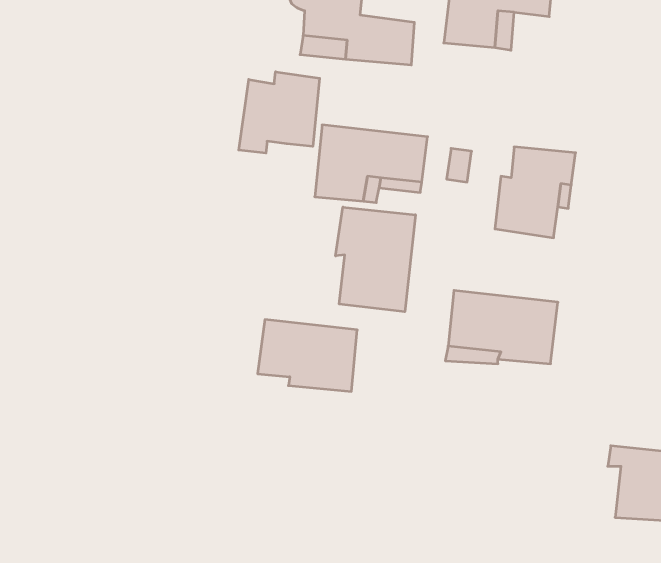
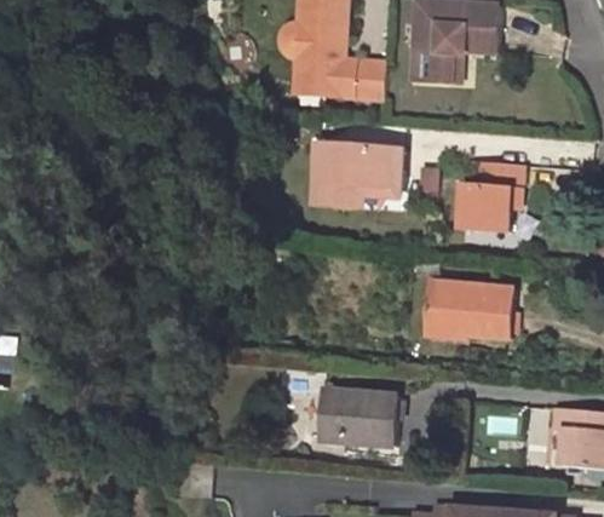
building: [239,72,320,153] -> none
building: [336,207,415,312] -> none
building: [258,320,357,391] -> [316,389,398,448]

